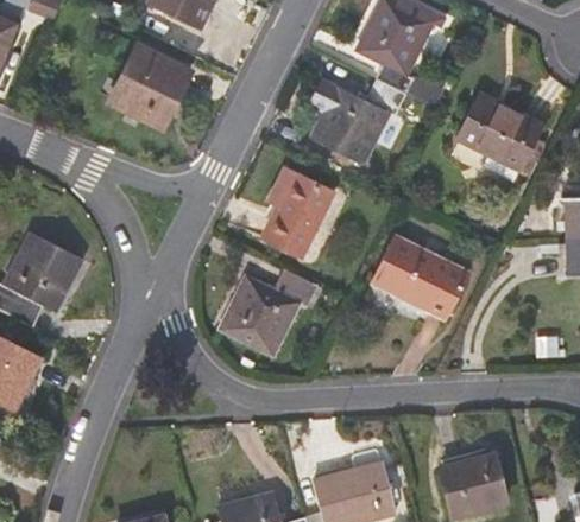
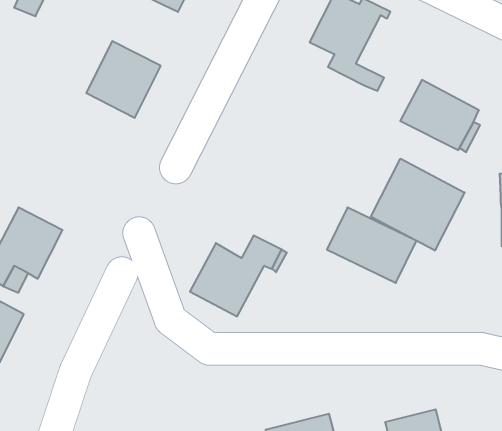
building: [308,78,415,166] -> none
building: [266,166,339,255] -> none
building: none -> [371,159,465,251]

